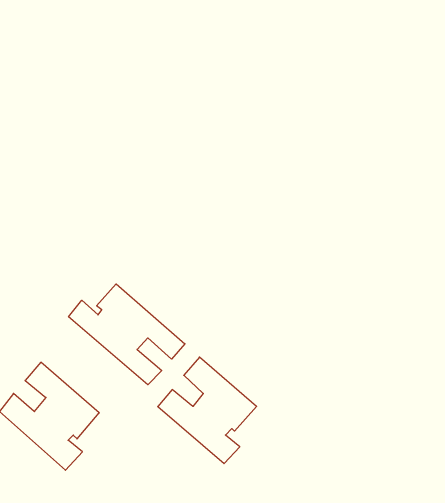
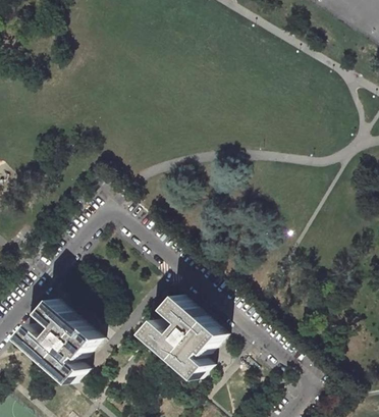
building: [69,284,185,385] -> none

